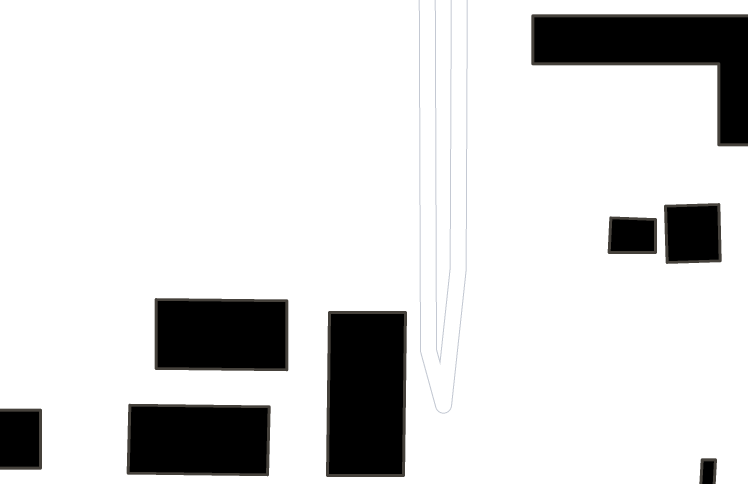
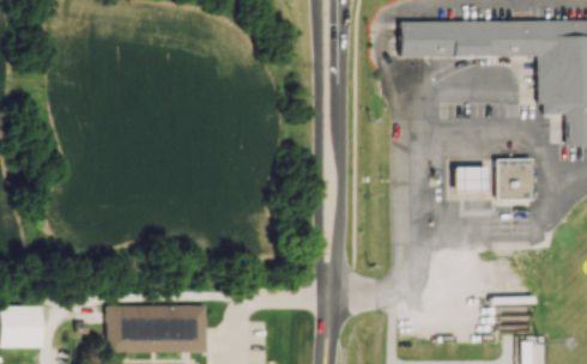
building: [156,299,287,370] -> none
building: [328,312,406,476] -> none

